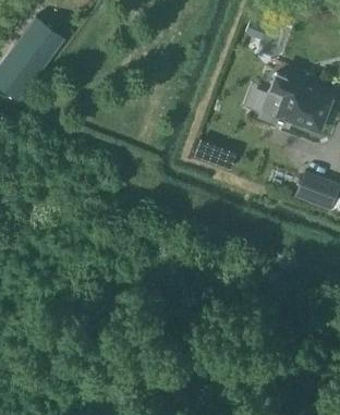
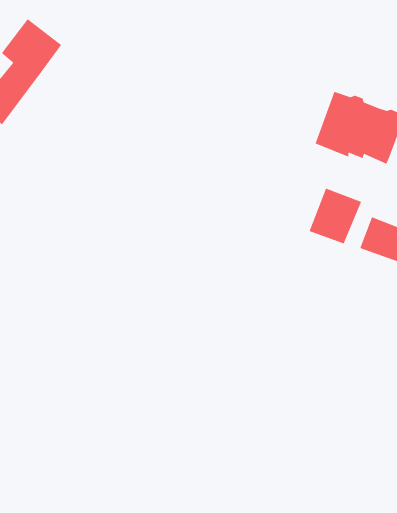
building: none -> [309,187,362,244]

